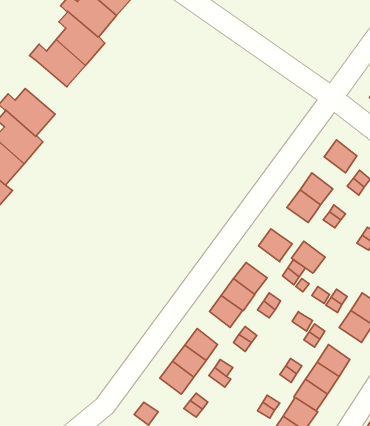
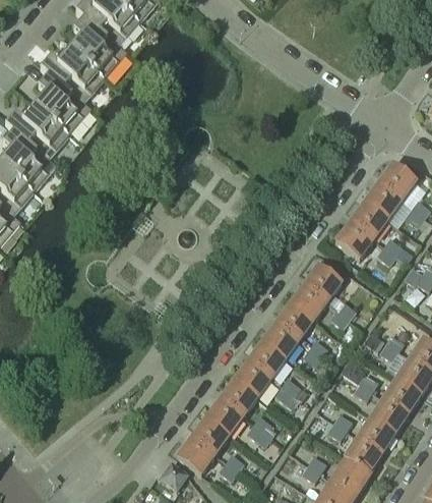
building: none -> [35,74,90,135]
building: none -> [363,184,402,221]
building: [292,241,325,273] -> [288,286,326,323]
building: none -> [232,361,269,399]
building: none -> [382,380,420,416]
building: none -> [175,438,213,476]

